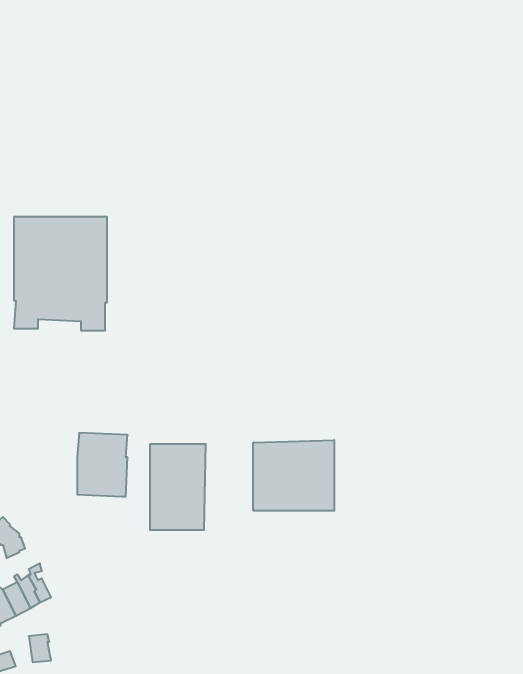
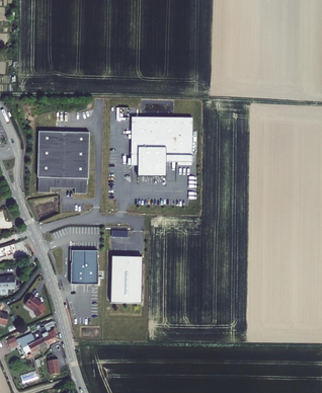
building: none -> [131,116,191,175]
building: [253,440,334,511] -> none

